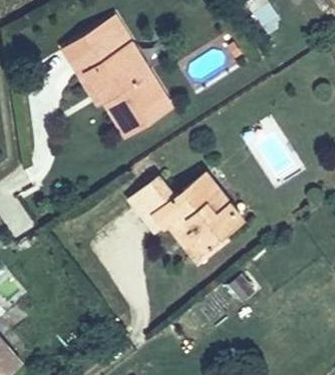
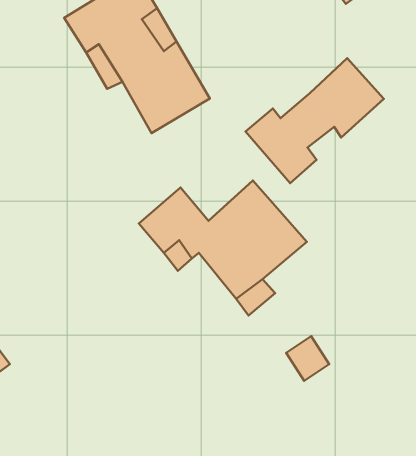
building: none -> [246,58,384,183]

